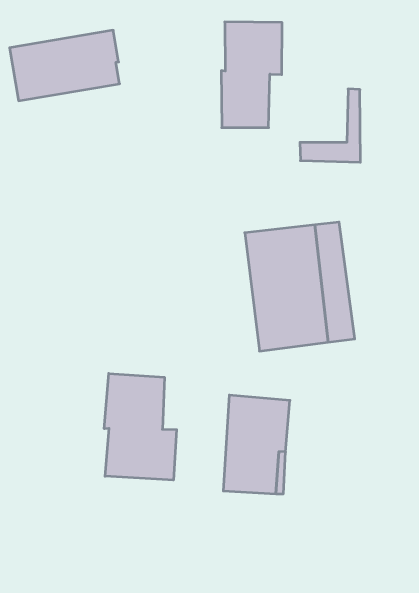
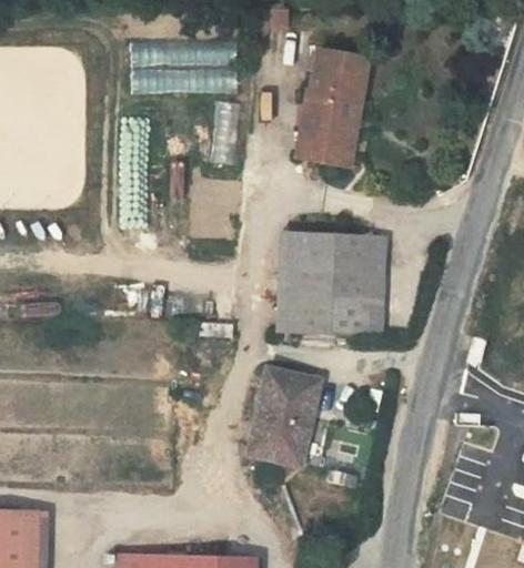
building: [300,89,360,162] -> [298,102,359,166]
building: none -> [278,233,304,337]
building: [104,373,177,480] -> none

